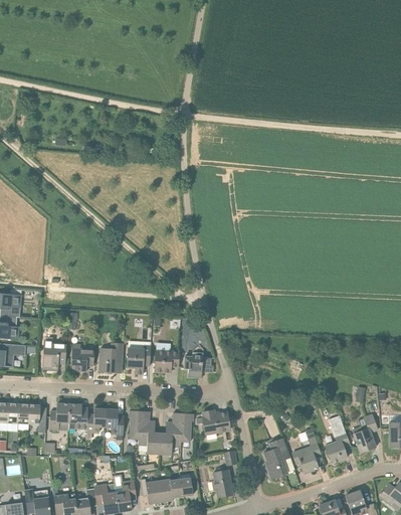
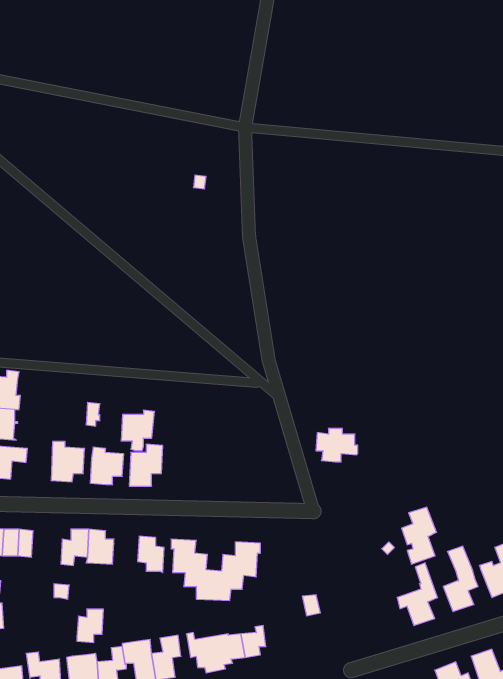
building: [127,345,151,374] -> [121,410,155,451]
building: [155,350,178,372] -> none
building: [183,353,213,377] -> [316,428,358,462]
building: [28,404,46,433] -> none
building: [86,408,106,433] -> [77,609,103,643]
building: [202,409,230,434] -> none
building: [263,438,288,479] -> [402,507,437,564]
building: [212,469,232,497] -> none

